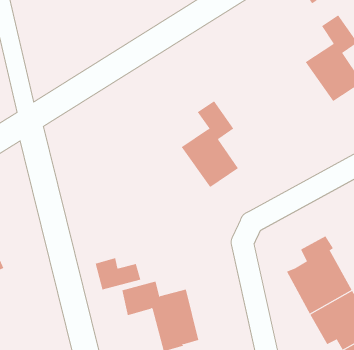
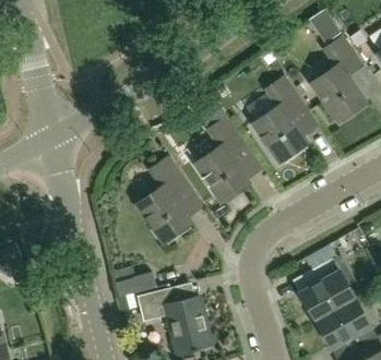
building: none -> [252,79,306,160]
building: none -> [135,158,190,241]

